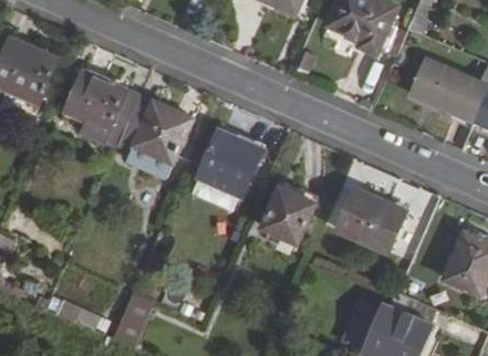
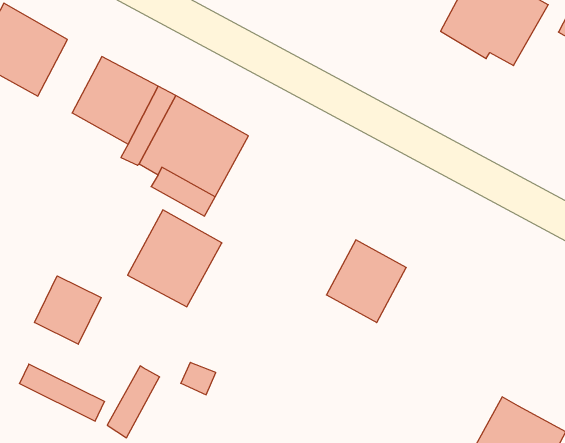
building: [197,133,262,200] -> [128,210,222,307]
building: [341,193,409,255] -> none
building: none -> [35,276,101,344]

